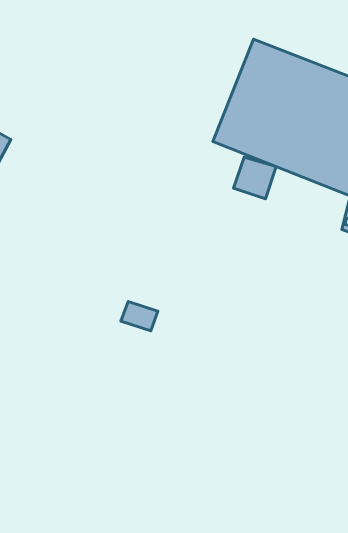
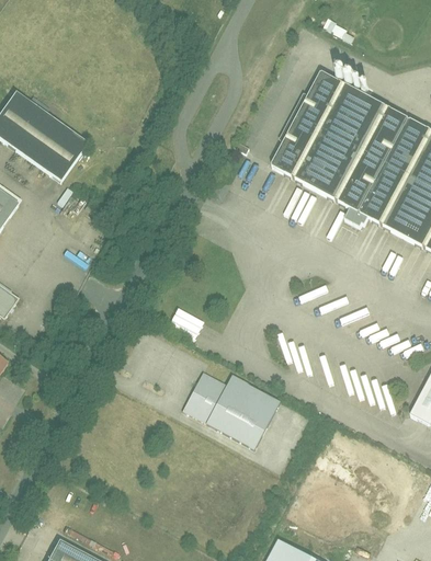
building: none -> [181,368,280,446]

